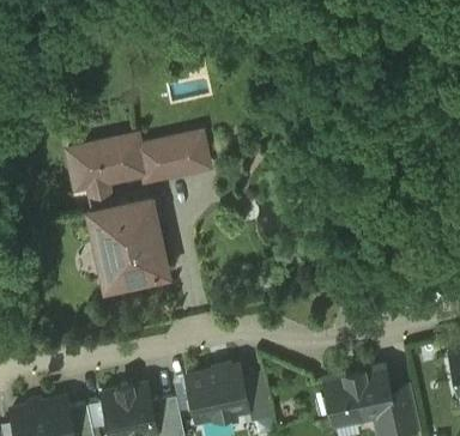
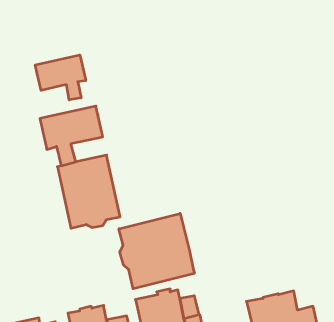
building: none -> [35,55,86,100]
building: [155,135,208,180] -> none
building: none -> [119,213,194,289]

